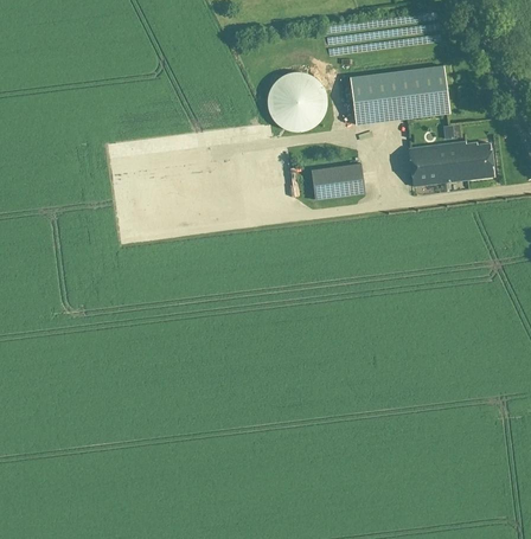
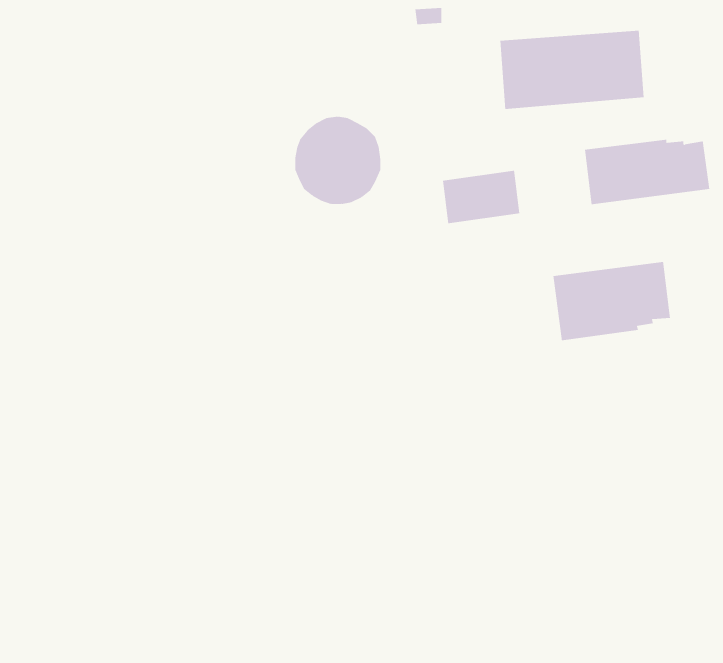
building: [267,72,326,133] -> [295,116,381,204]
building: none -> [553,261,671,341]

